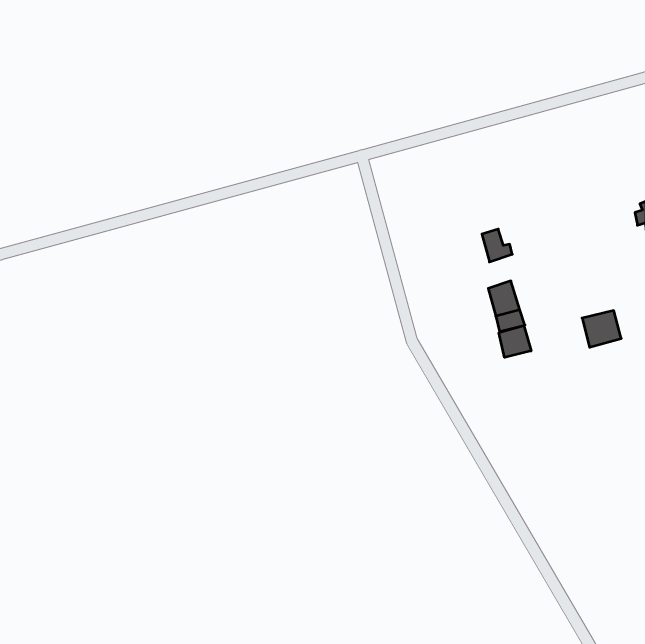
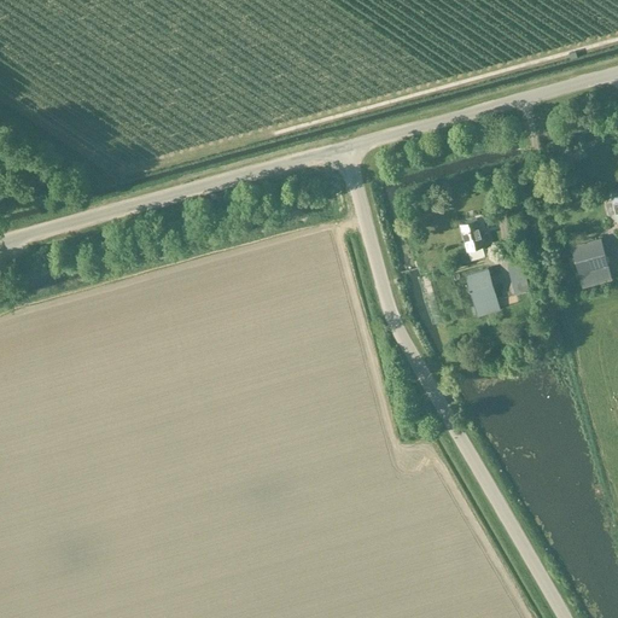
building: [582,311,621,347] -> [572,240,610,275]
building: [499,325,531,357] -> none

